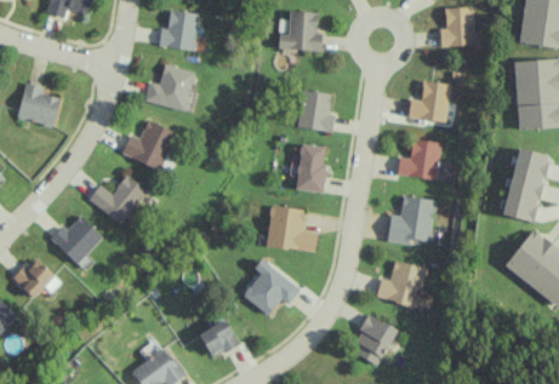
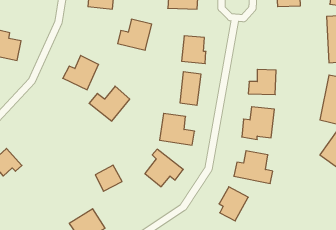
building: [144,65,195,111] -> [118,19,152,50]
building: [407,81,451,124] -> none
building: [89,174,149,227] -> [89,86,130,121]
building: [51,217,103,264] -> none
building: [200,320,240,359] -> [95,165,122,191]

